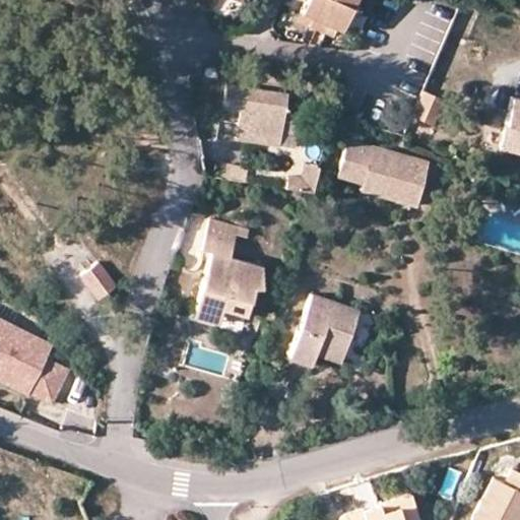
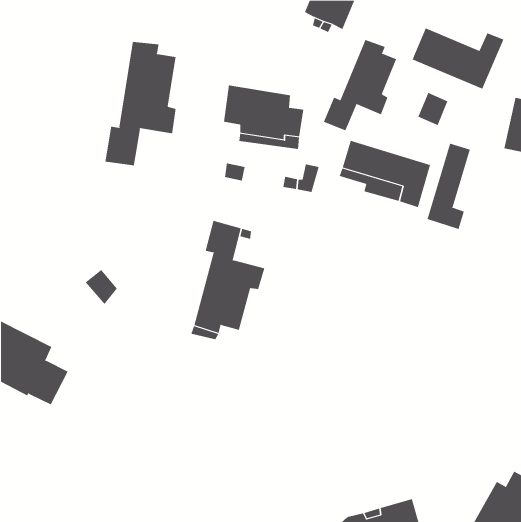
building: none -> [412,27,504,89]
building: none -> [323,39,397,131]
building: none -> [105,41,176,166]
building: none -> [427,143,471,230]
building: [289,296,359,366] -> none

